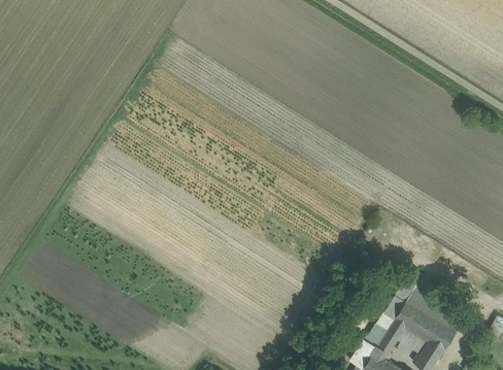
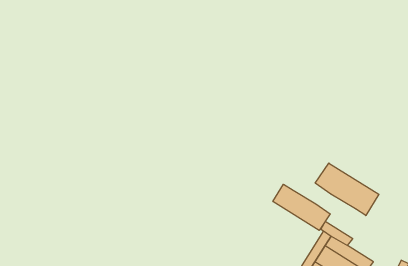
building: none -> [315,163,379,216]
building: none -> [273,184,330,230]

